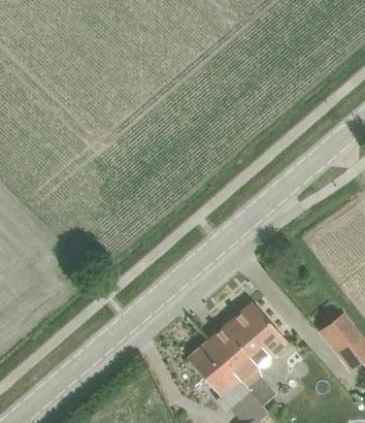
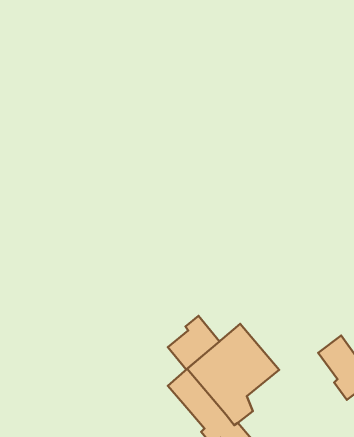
building: none -> [168,316,220,369]

